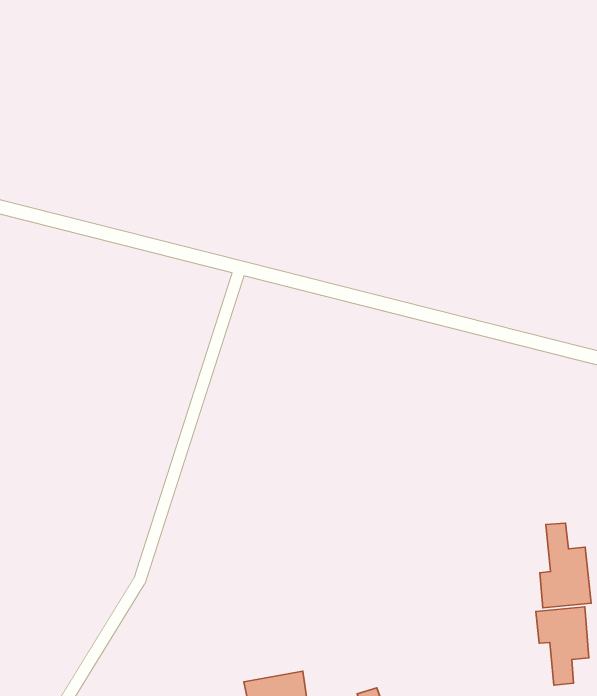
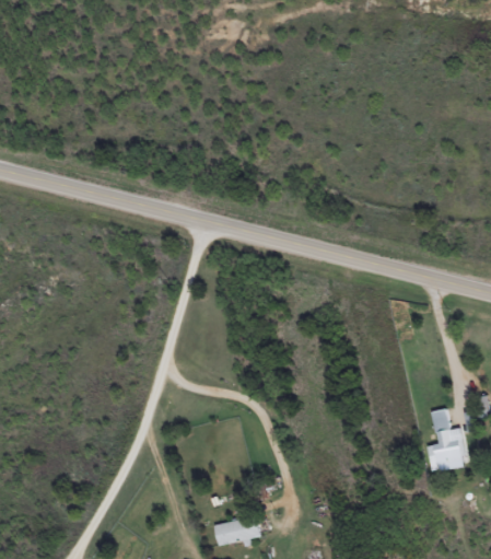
building: [536,607,589,685] -> none

